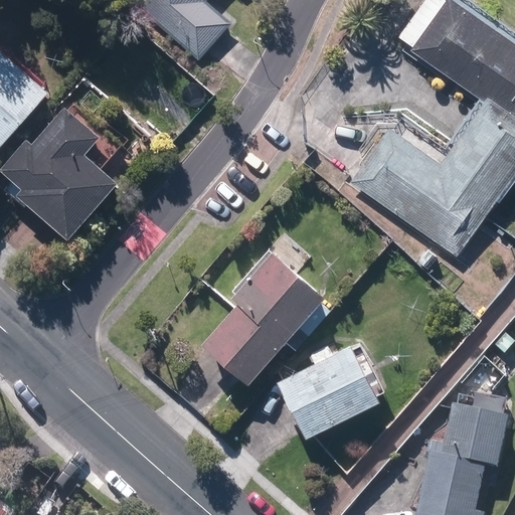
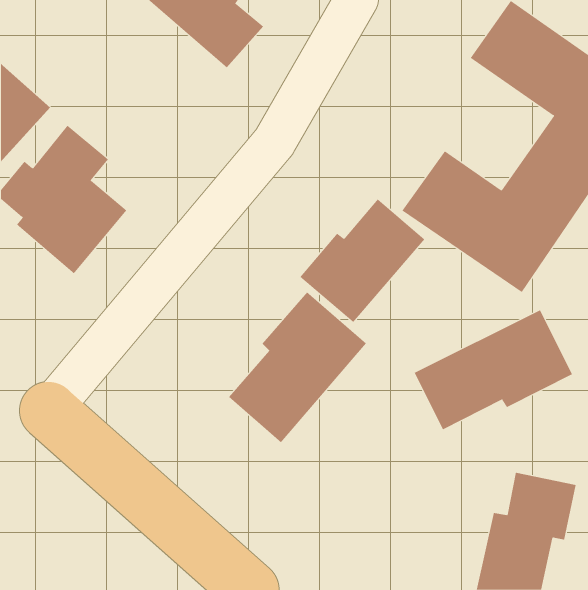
building: none -> [299,199,425,323]
building: none -> [414,309,573,430]
building: [276,345,376,439] -> none

